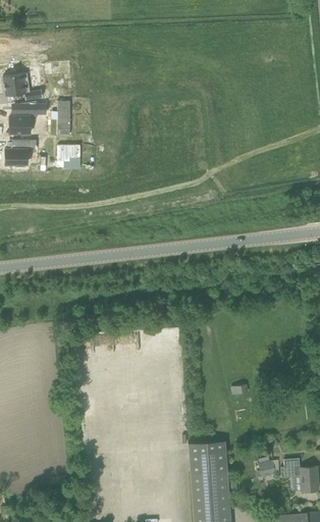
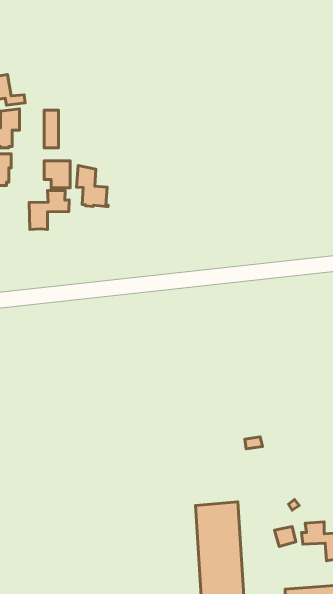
building: none -> [76,165,108,207]
building: none -> [29,190,69,230]

